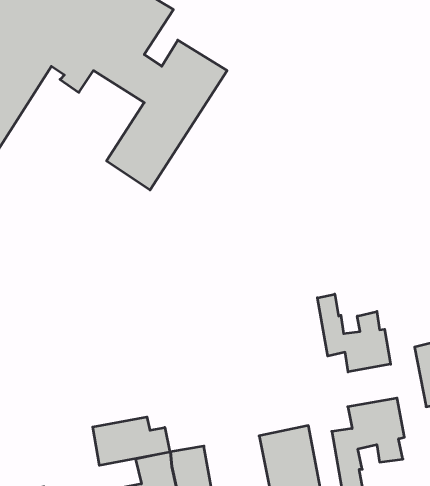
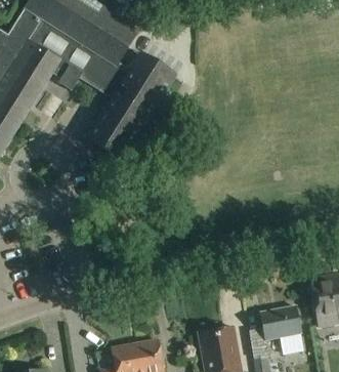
building: [317,294,391,372] -> none
building: [93,417,170,465] -> none

